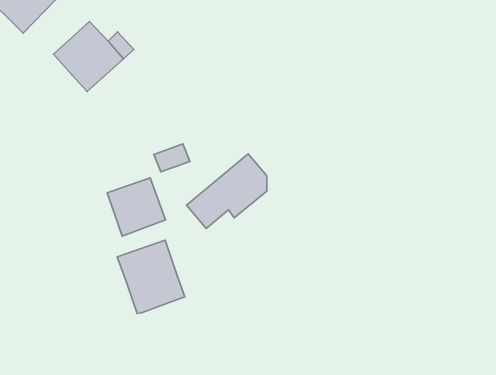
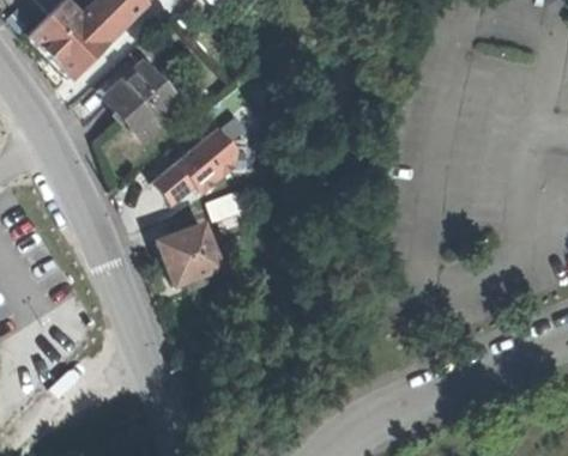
building: [186,154,267,228] -> [152,130,235,207]
building: [117,240,185,314] -> none

